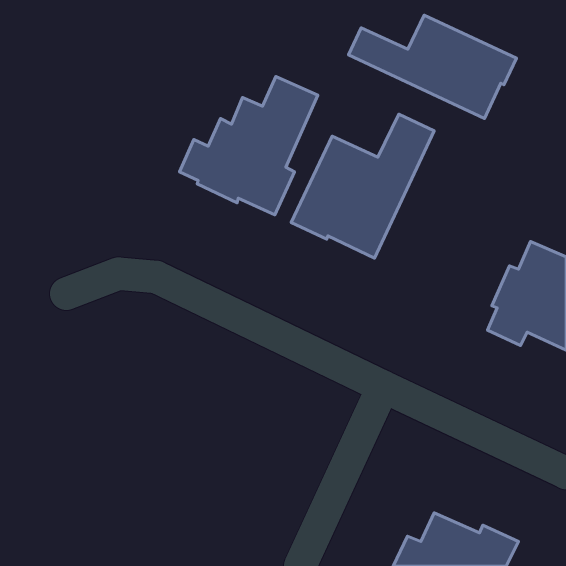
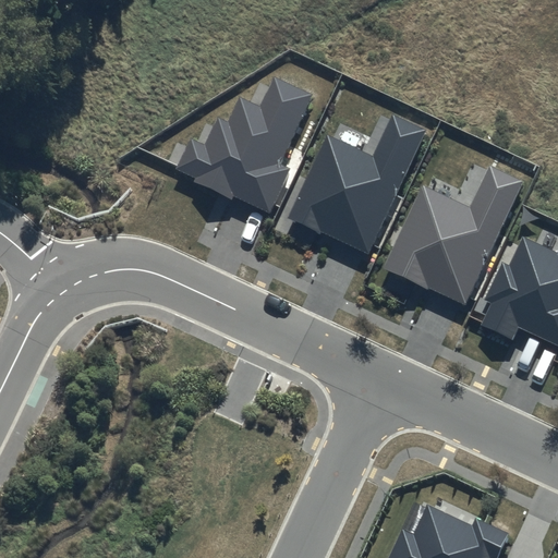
building: [348,15,517,119] -> none
building: none -> [384,165,524,306]

